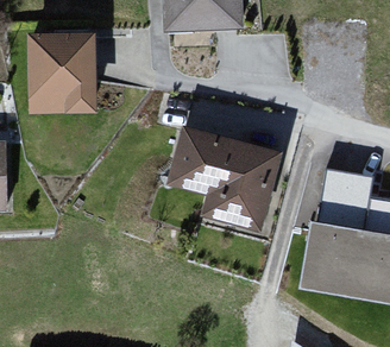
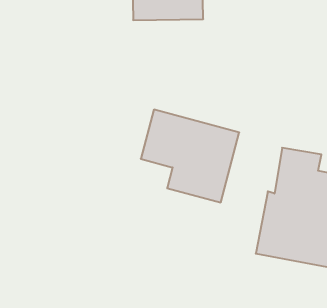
building: [26,34,94,112] -> none

